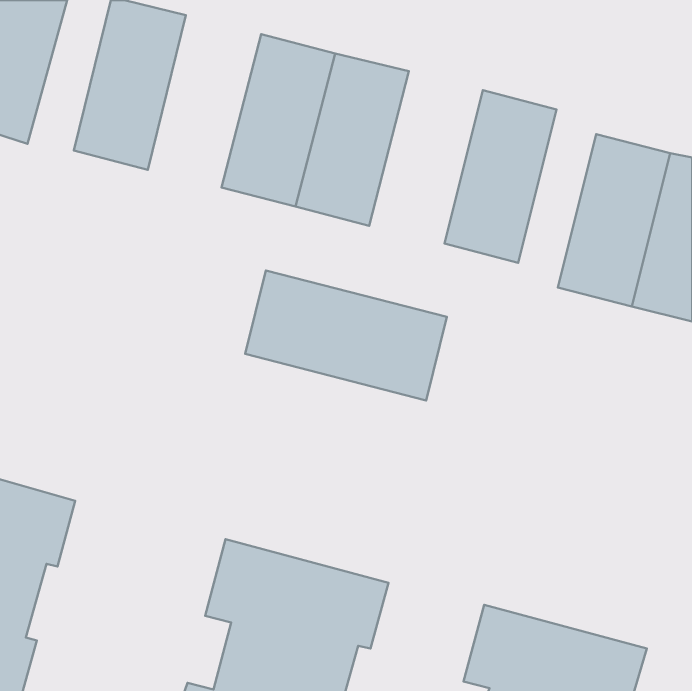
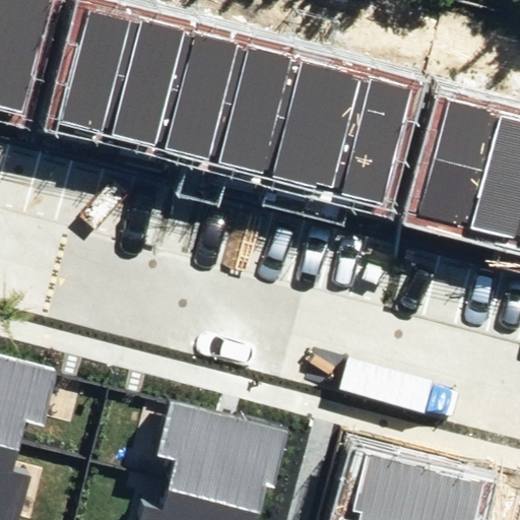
building: none -> [110,17,194,145]
building: none -> [274,59,359,187]
building: [245,270,447,400] -> none

